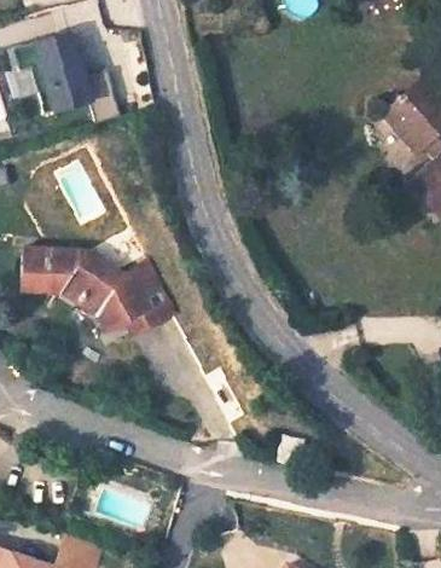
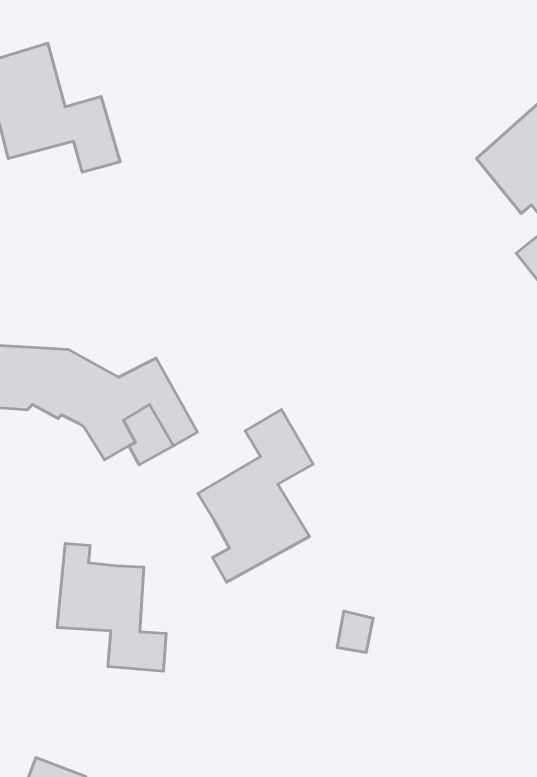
building: none -> [198,409,313,582]
building: none -> [57,544,166,671]

